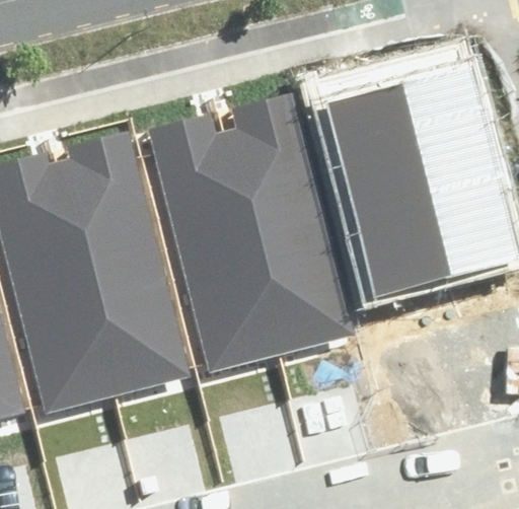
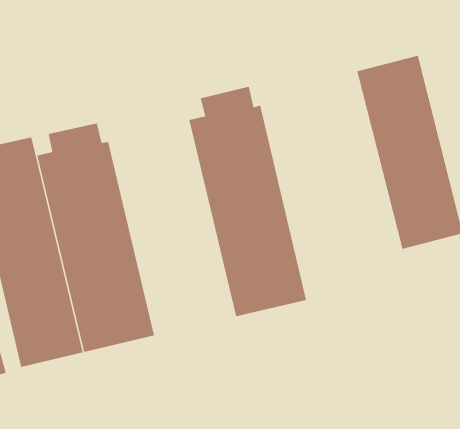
building: [328,87,453,299] -> none
building: [150,119,274,368] -> none

